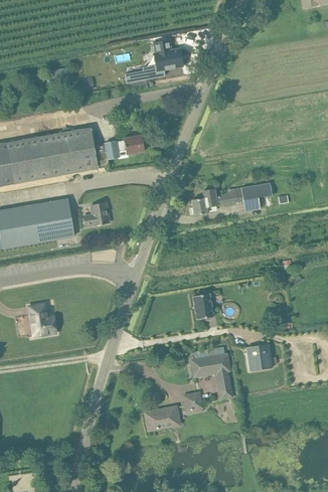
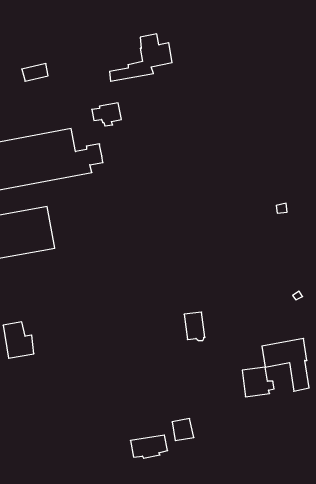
building: [116,135,143,156] -> [92,103,121,126]
building: [189,182,271,214] -> none
building: [83,201,108,226] -> none
building: [189,351,232,399] -> [262,338,309,391]

